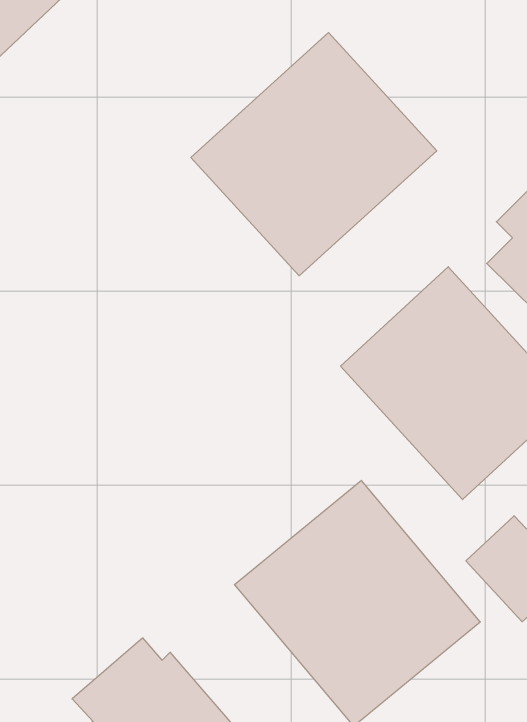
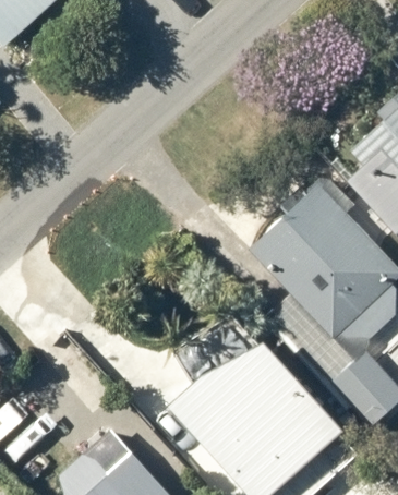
building: [191,33,437,276] -> none

